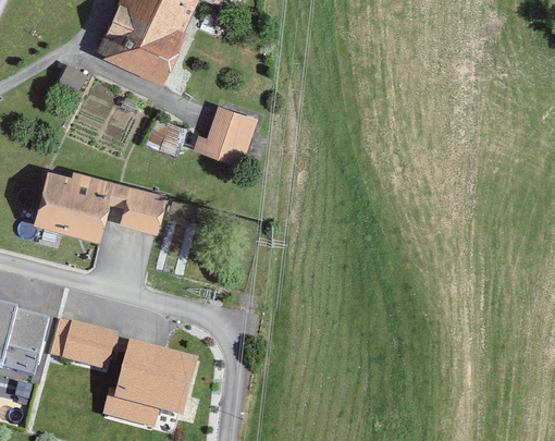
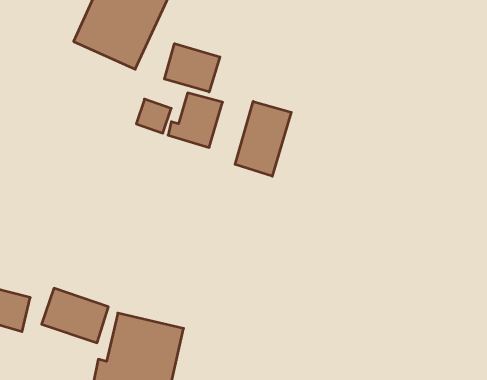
building: none -> [164,44,220,92]
building: none -> [235,101,291,176]
building: [33,172,164,242] -> none

